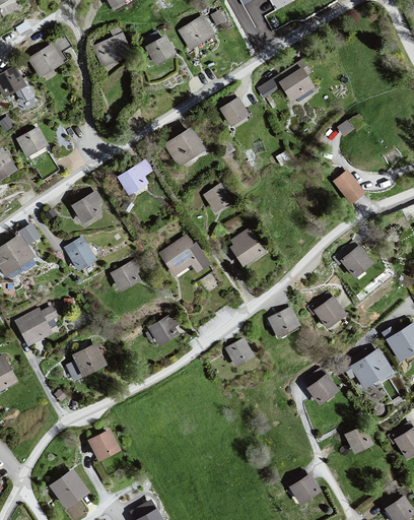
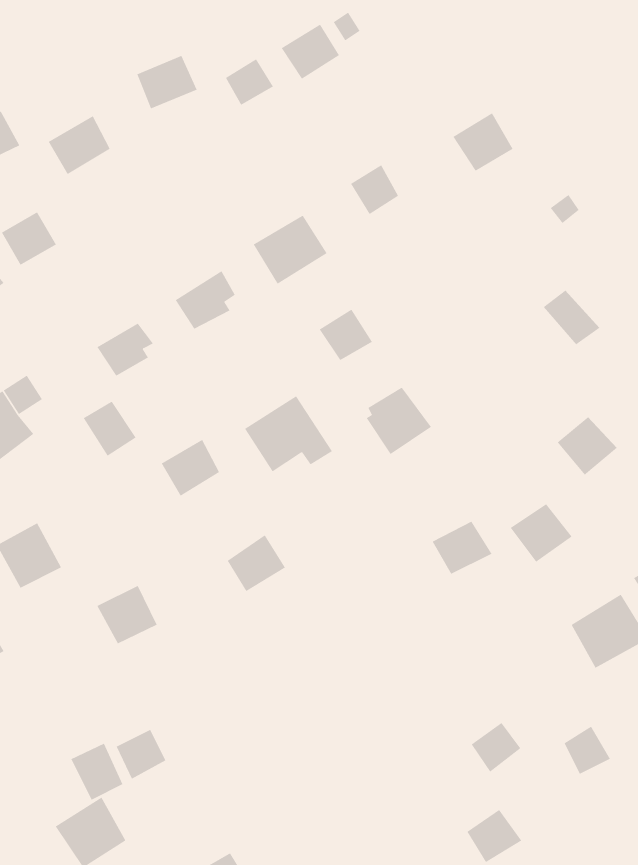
building: [27,43,64,77] -> [48,116,110,175]
building: [225,337,258,370] -> none
building: [308,374,338,403] -> [471,722,521,772]
building: none -> [71,743,123,800]

